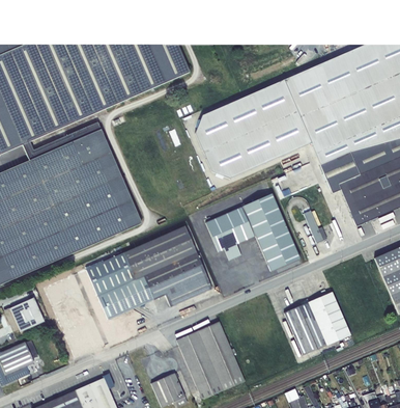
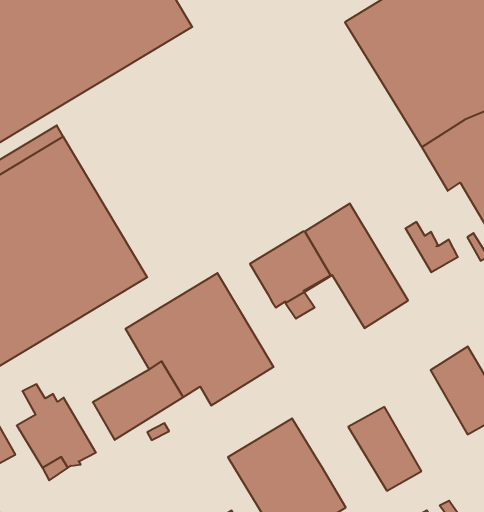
building: [196,81,311,179] -> none
building: [85,252,135,295] -> none
building: [284,302,325,354] -> [348,407,421,491]

